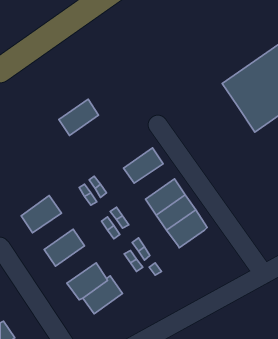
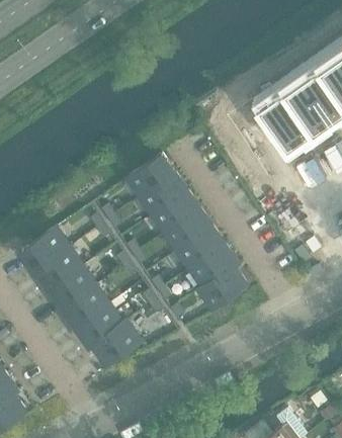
building: [59,99,99,135] -> [131,159,176,200]
building: none -> [155,195,201,236]
building: none -> [38,252,85,293]
building: none -> [201,271,248,312]
building: none -> [65,289,111,332]

